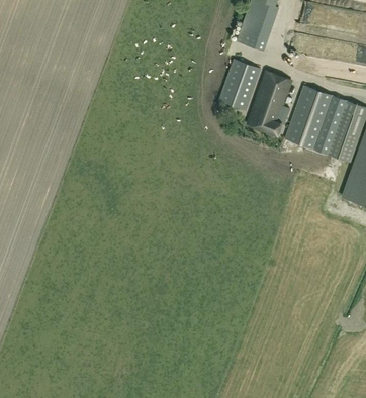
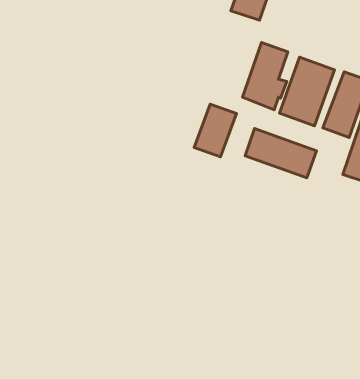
building: [219,59,260,109] -> [194,104,237,157]
building: none -> [245,129,316,178]

